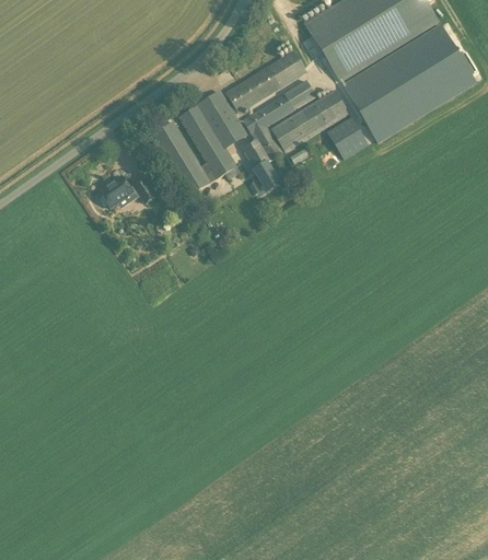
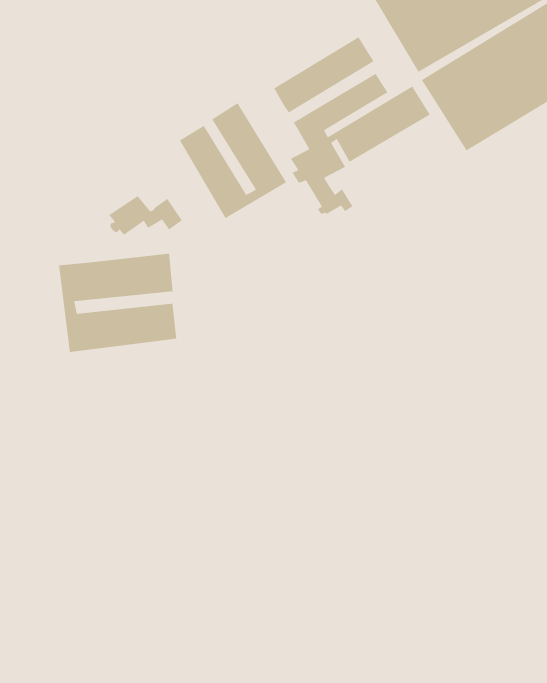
building: [199,91,247,148] -> none
building: [327,116,368,159] -> none
building: none -> [58,253,177,353]

